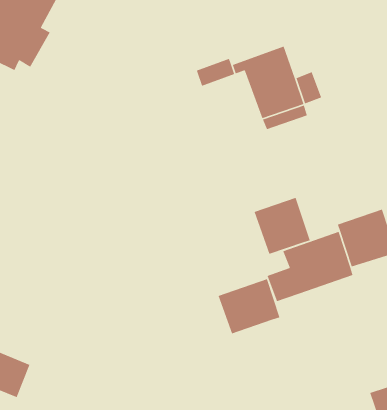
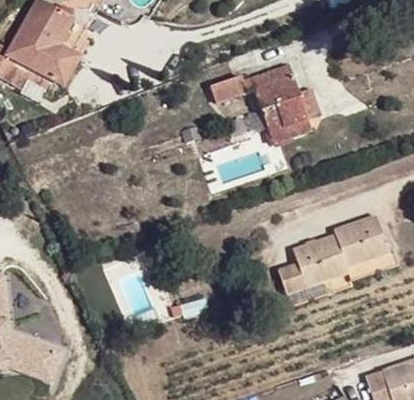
building: [253,197,311,255] -> none
building: [218,278,280,334] -> none

